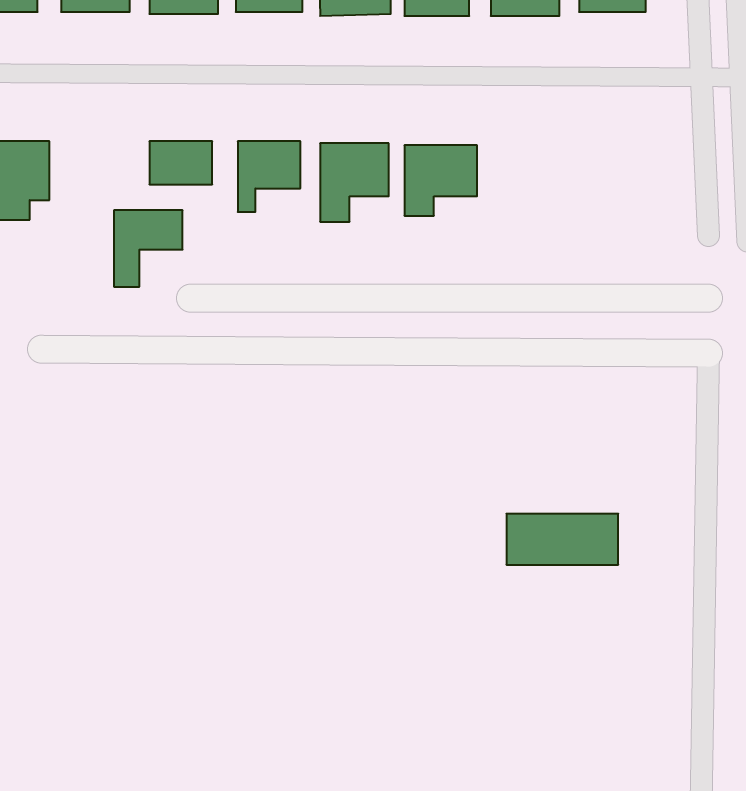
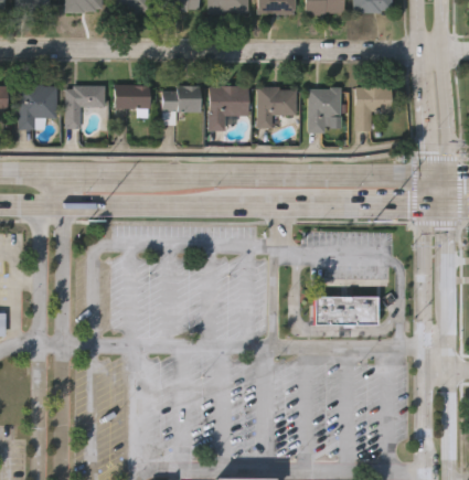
building: none -> [310,87,341,131]
building: none -> [355,87,392,131]
building: [114,210,183,287] -> [66,85,105,128]

